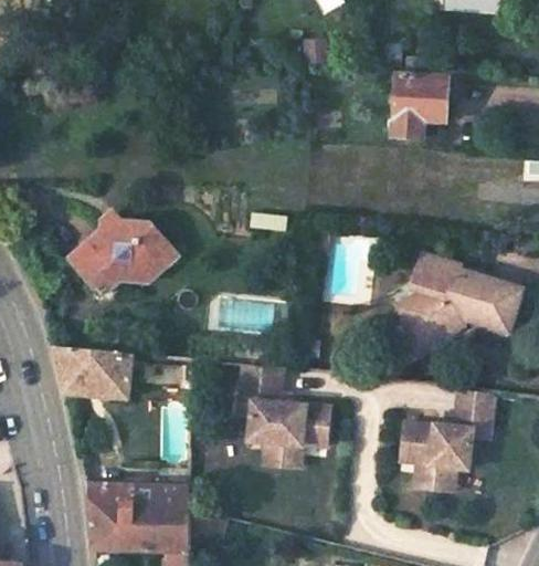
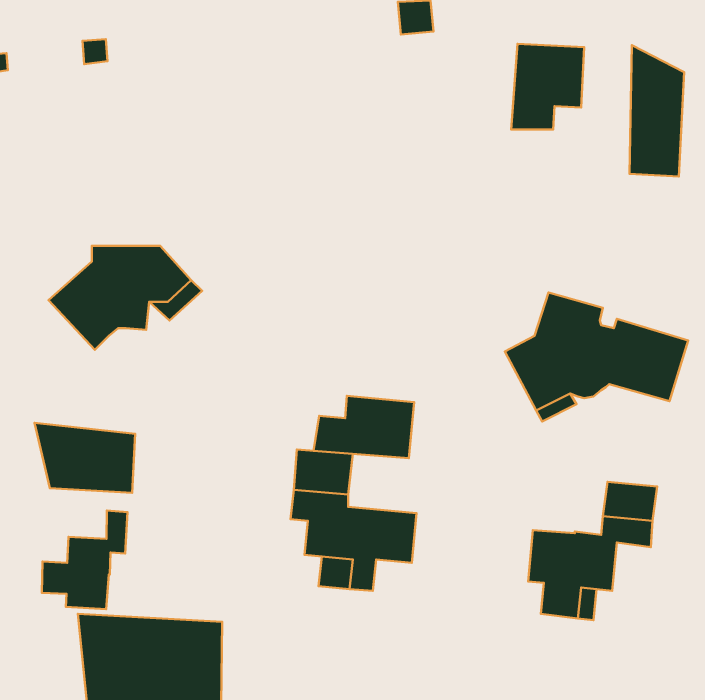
building: none -> [630,45,684,177]
building: none -> [314,396,414,458]
building: none -> [42,510,127,609]

